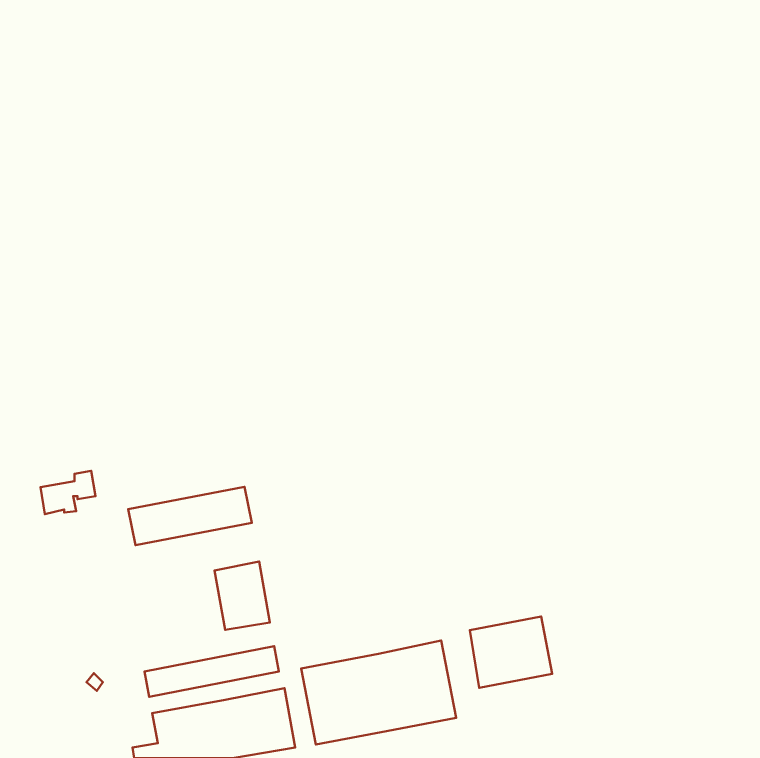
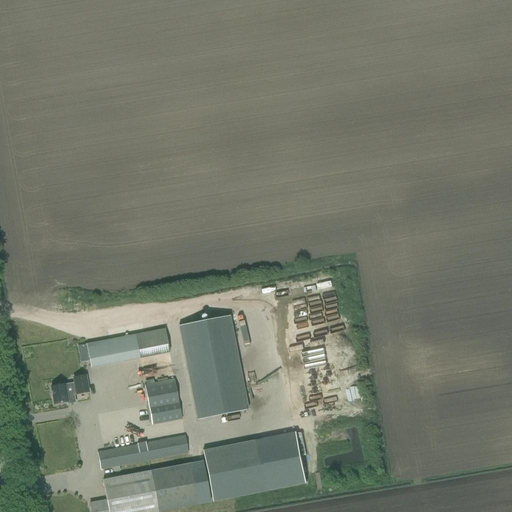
building: none -> [179,314,250,418]
building: [40,471,95,514] -> [52,374,89,403]
building: [470,617,552,688] -> none

